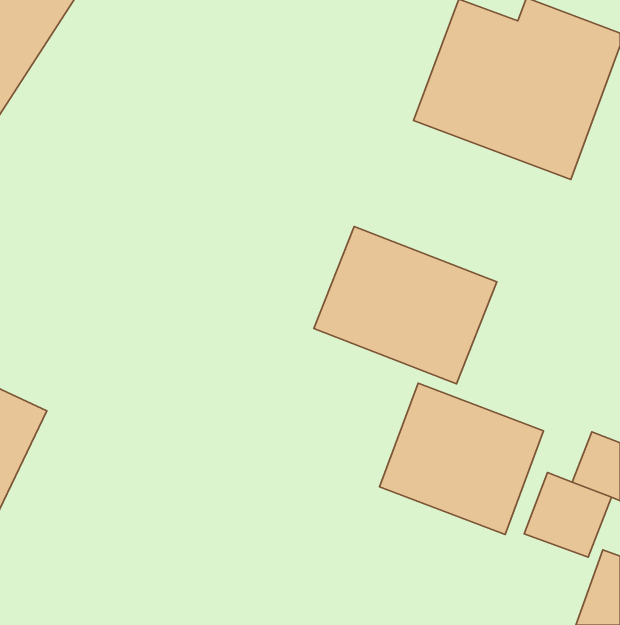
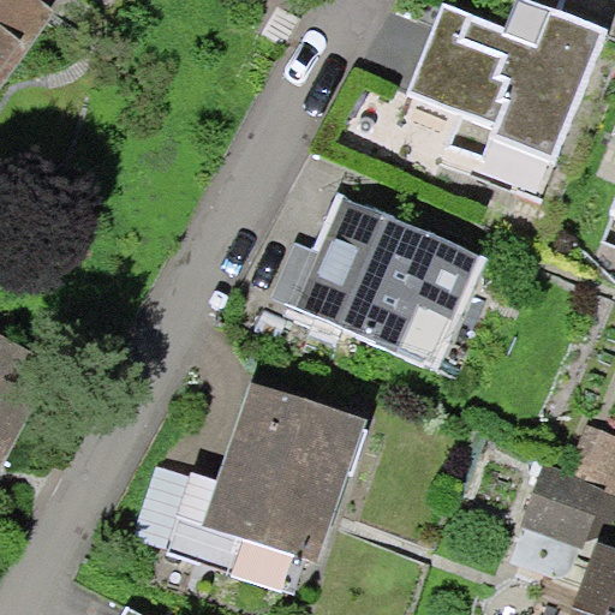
building: none -> [124,368,356,577]
building: [379,383,544,535] -> none

